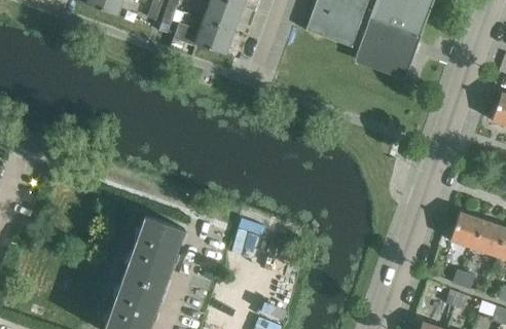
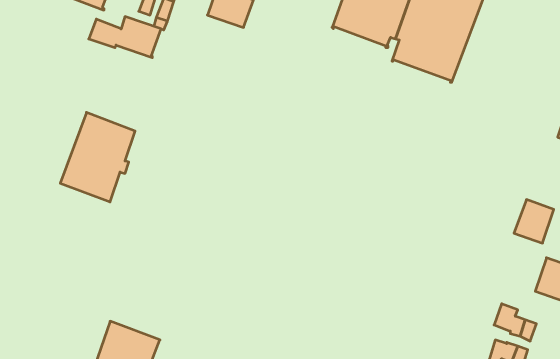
building: [174,20,233,53] -> [89,17,161,58]
building: [450,212,483,248] -> [514,200,554,243]
building: [123,214,185,288] -> [60,112,135,202]

